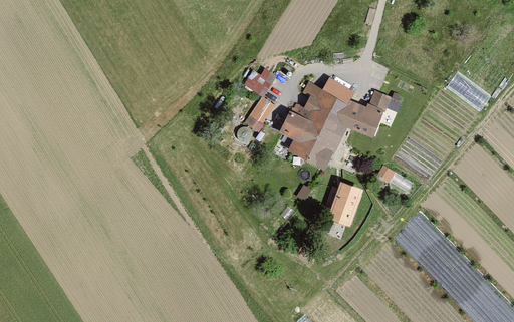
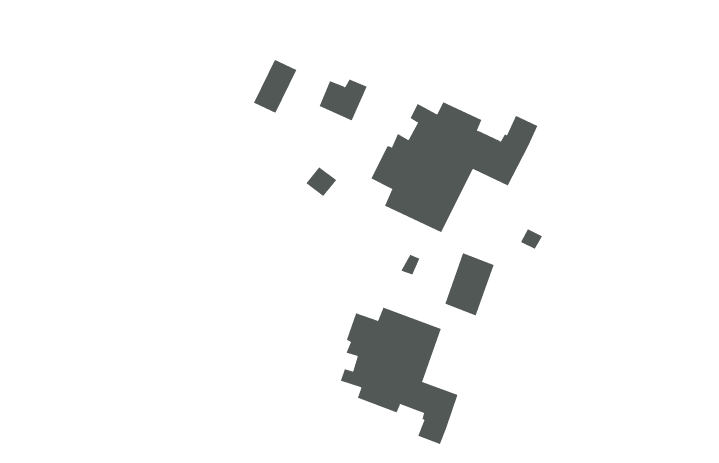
building: [246,93,275,129] -> [253,59,297,113]
building: none -> [340,307,458,445]

